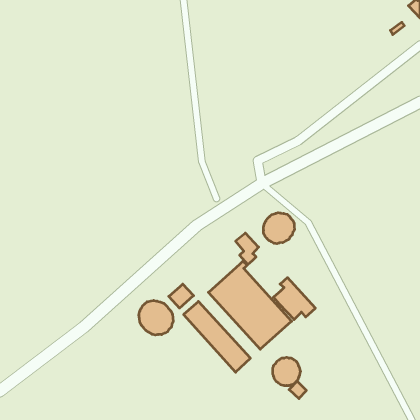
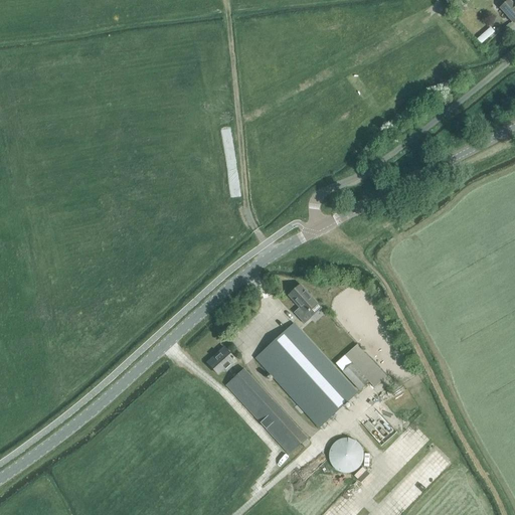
building: [263,213,294,244] -> none
building: [139,300,173,335] -> none

